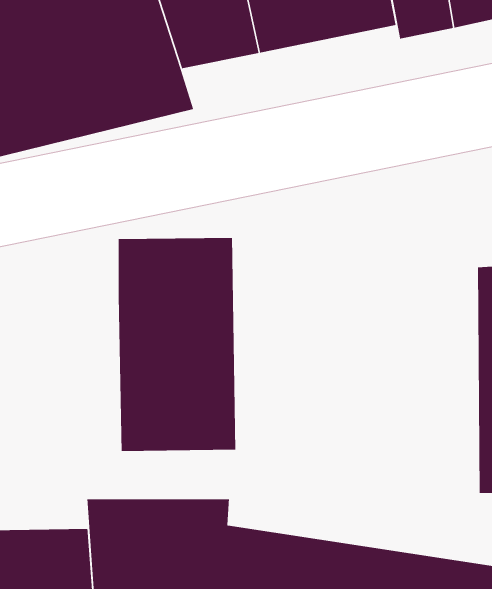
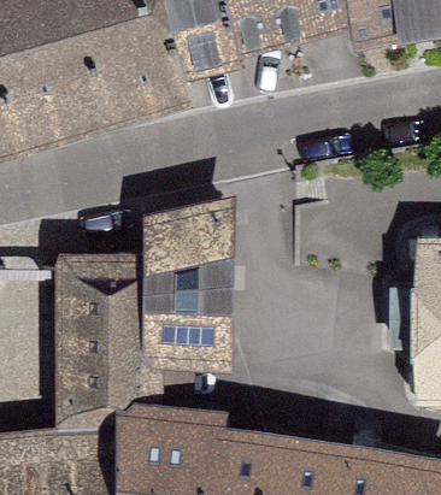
building: none -> [57,252,139,408]

